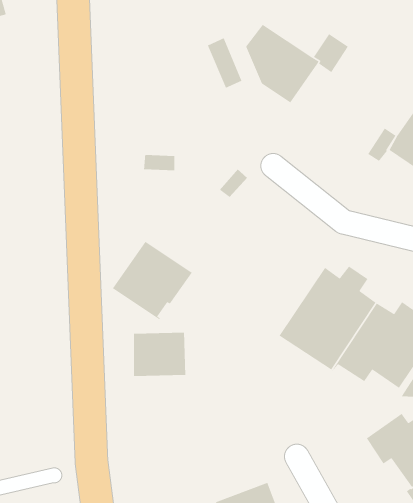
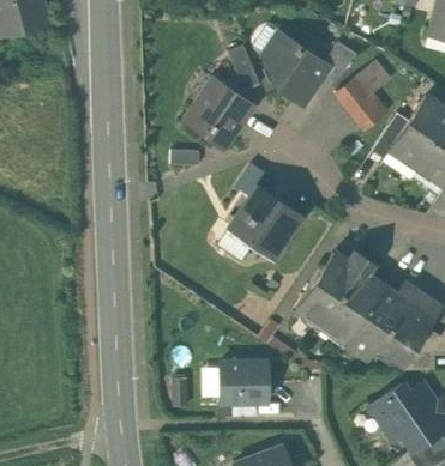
building: none -> [337,60,391,129]
building: none -> [185,81,253,147]
building: [112,241,193,320] -> [228,184,301,256]
building: [133,332,186,377] -> [221,362,269,403]

